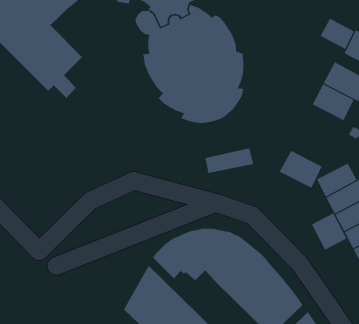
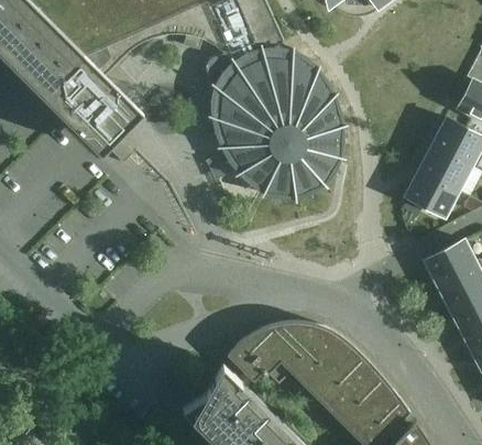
building: [320,18,355,50] -> none
building: [203,148,254,175] -> none
building: [279,150,323,188] -> [404,171,457,217]
building: [311,212,347,251] -> none

